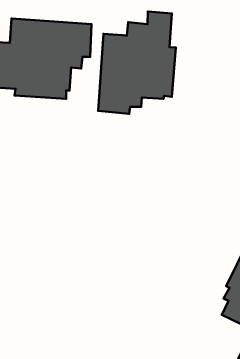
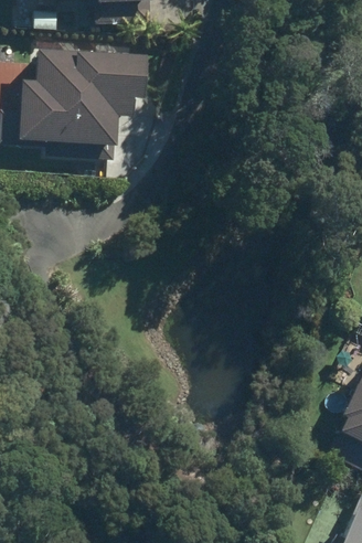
building: [98,12,176,114] -> none

